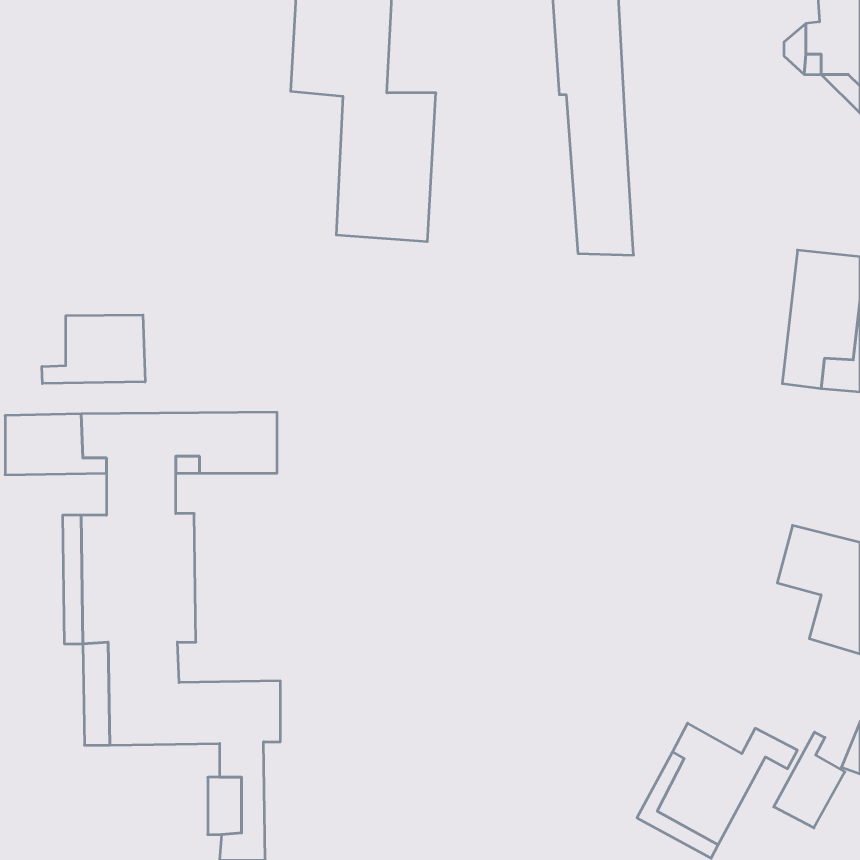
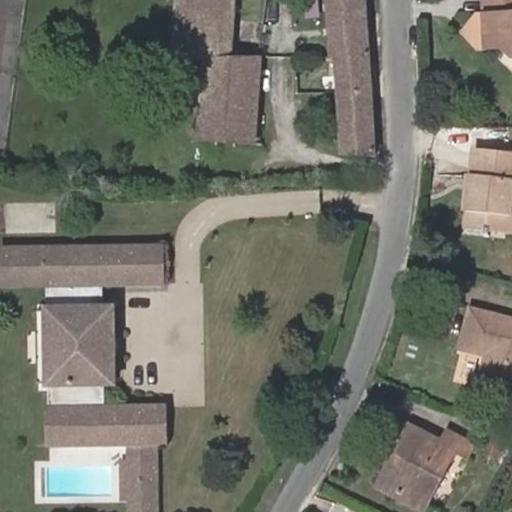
building: [42,315,145,384] -> none
building: [774,732,845,828] -> none

